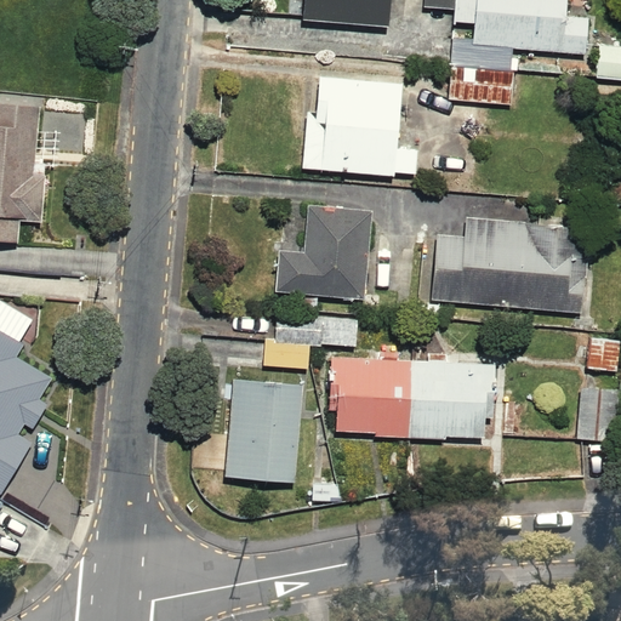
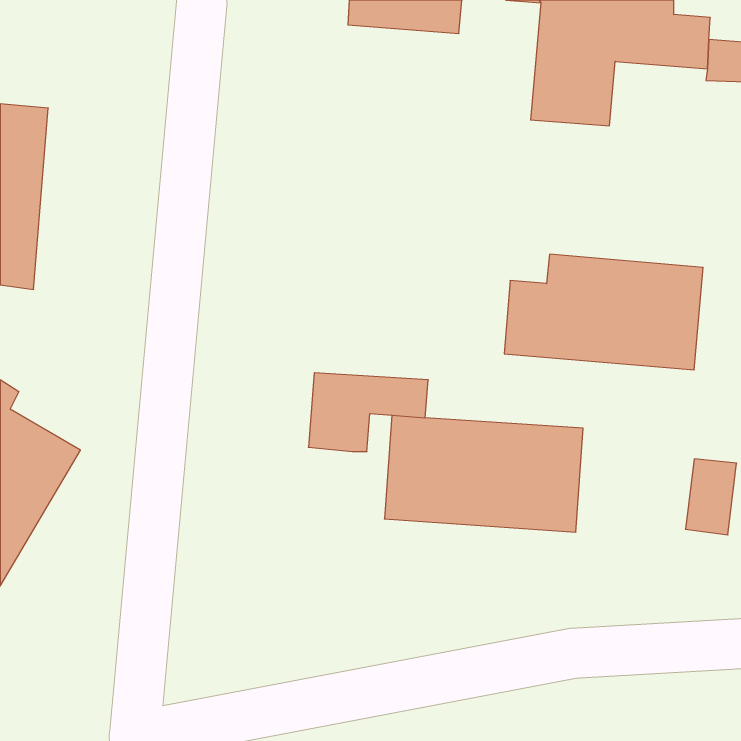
building: [296,73,421,173] -> none
building: [267,211,368,298] -> none
building: [226,375,297,479] -> none

